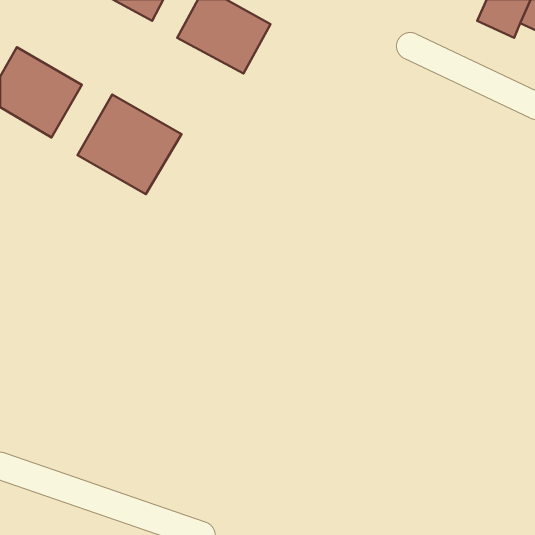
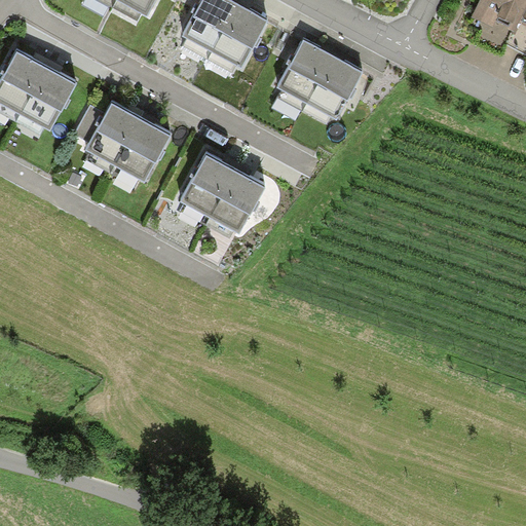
building: none -> [272,38,364,123]
building: none -> [173,149,267,242]

